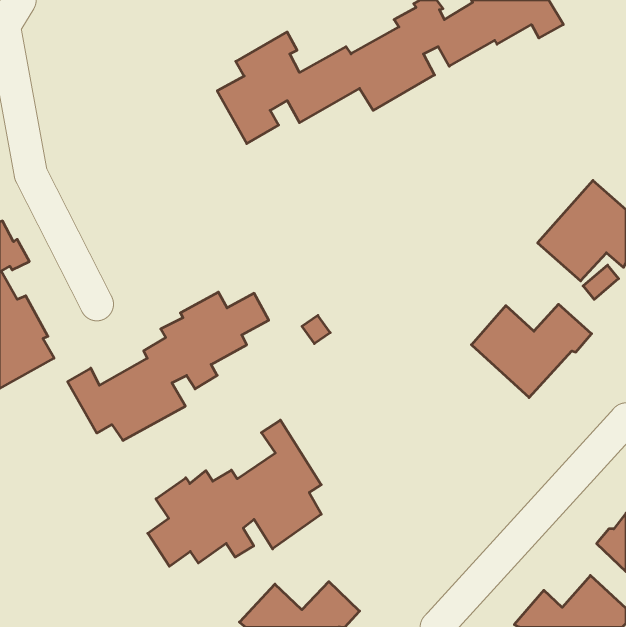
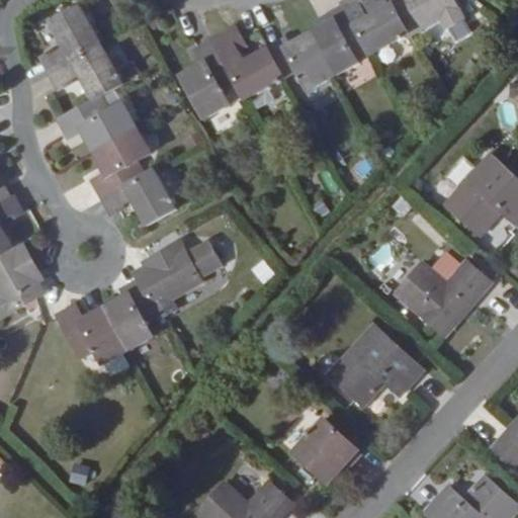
building: none -> [38,7,175,227]
building: none -> [328,326,426,409]
building: [148,420,321,566] -> none
building: none -> [292,419,359,485]

